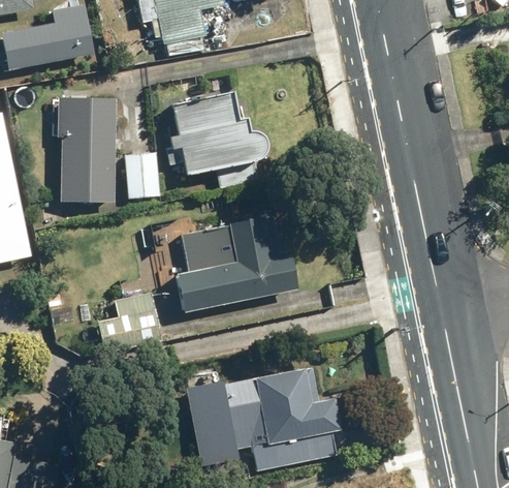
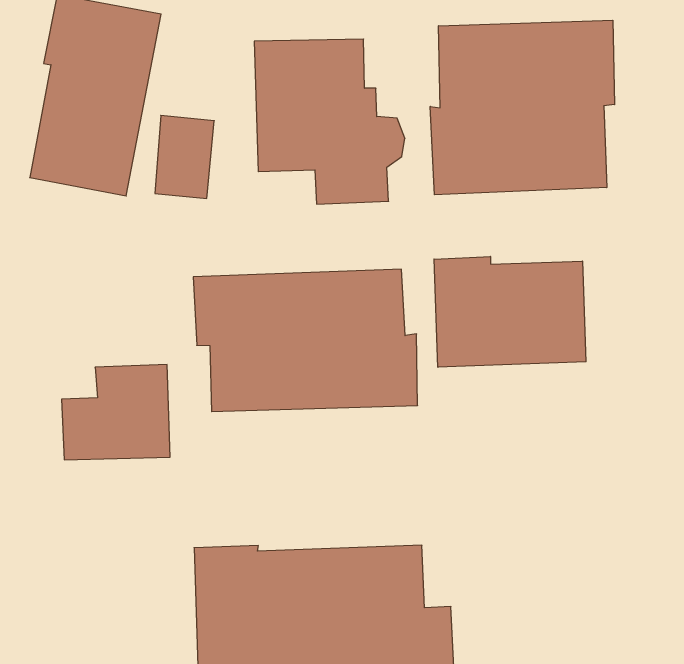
building: none -> [430,20,615,195]
building: none -> [434,256,586,367]

